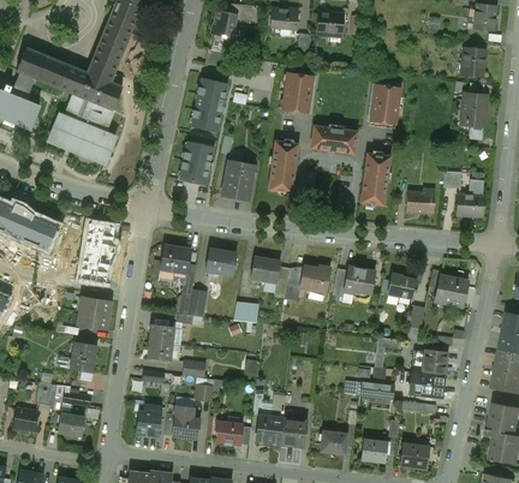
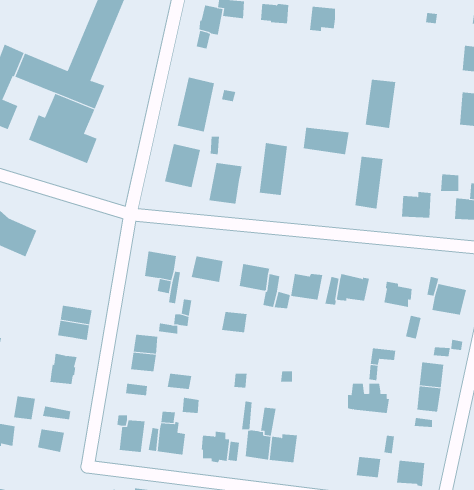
building: [282,72,311,112] -> none
building: [79,222,117,282] -> none
building: [320,430,347,454] -> none

